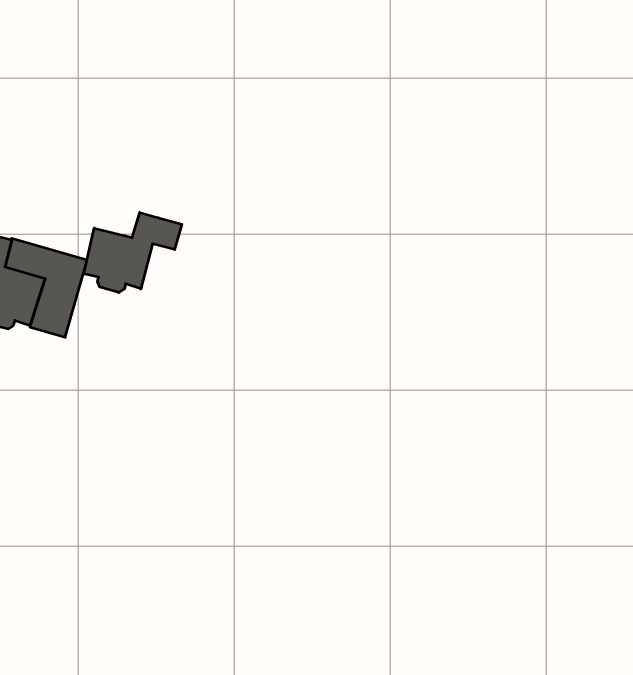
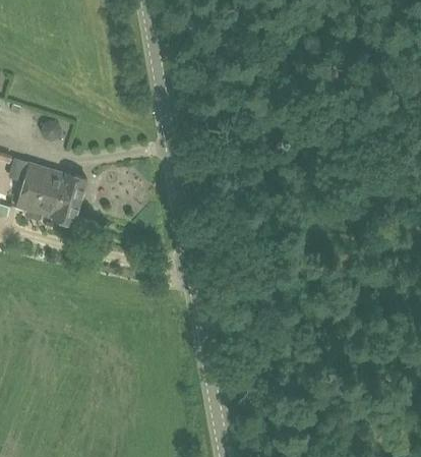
building: [84,212,182,293] -> none

